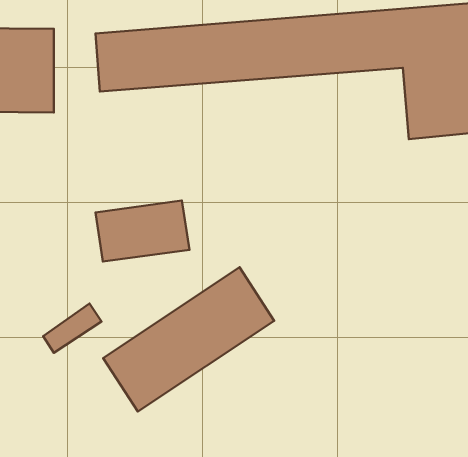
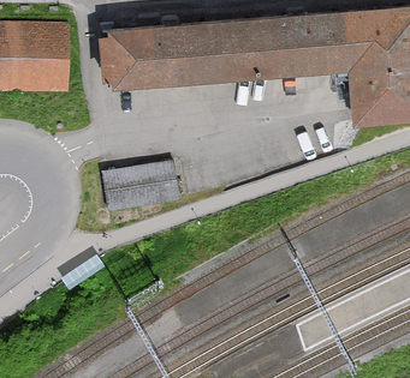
building: [103,267,274,412] -> none

